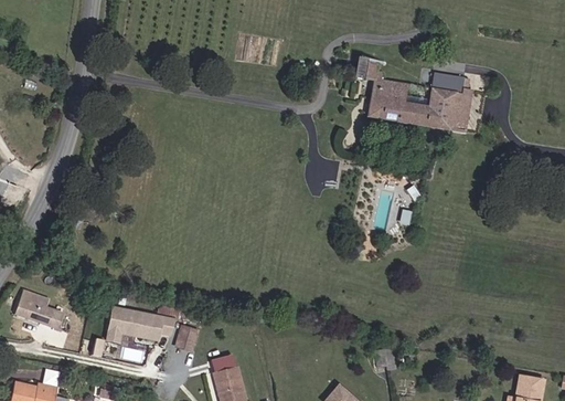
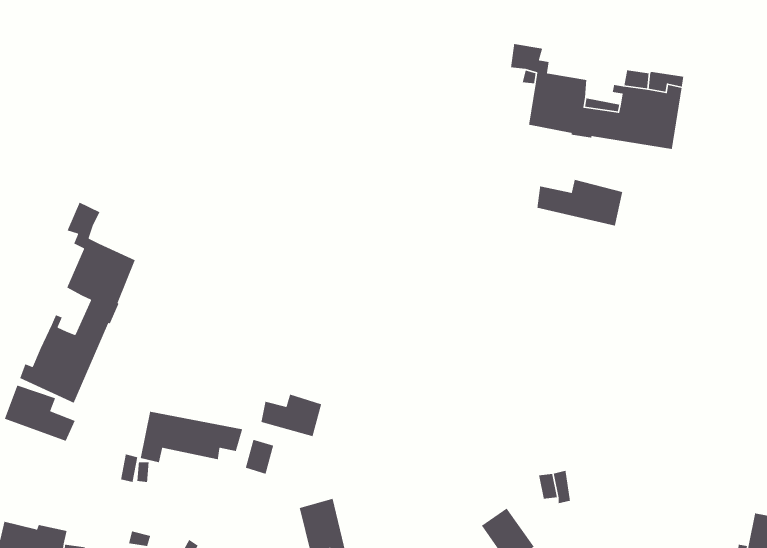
building: none -> [537,179,623,226]
building: none -> [19,201,136,404]
building: none -> [260,393,322,437]

